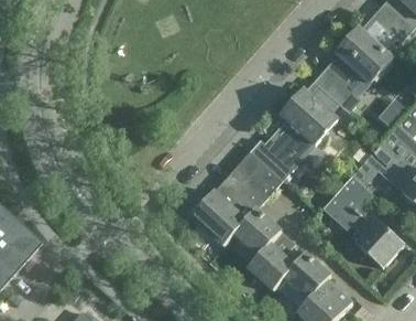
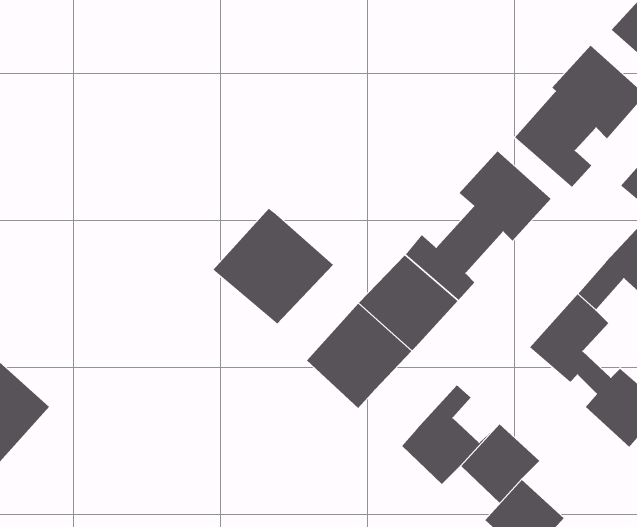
building: none -> [213,208,334,325]
building: [232,208,281,257] -> none

